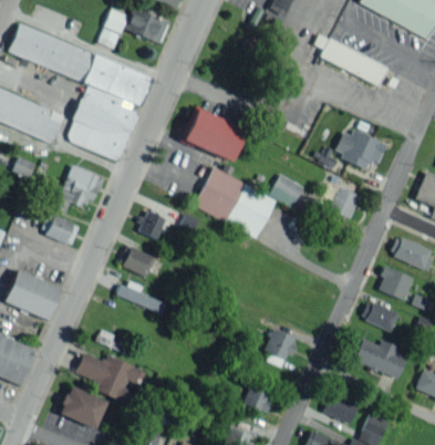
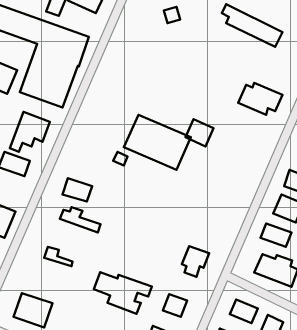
building: [180,107,245,161] -> none
building: [329,187,360,218] -> none
building: [138,210,165,239] -> none
building: [75,352,146,403] -> [94,272,152,314]

